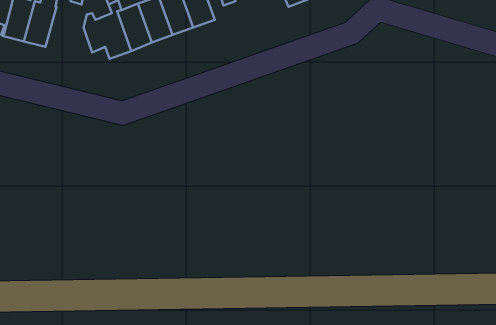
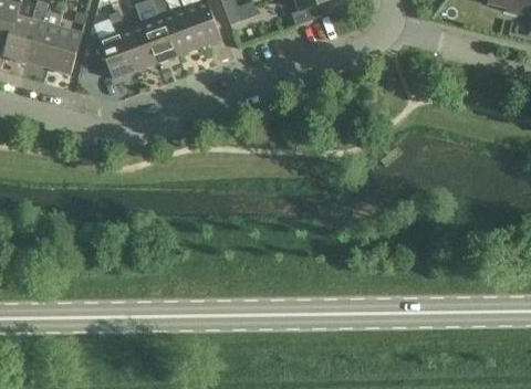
building: none -> [48,25,81,73]

